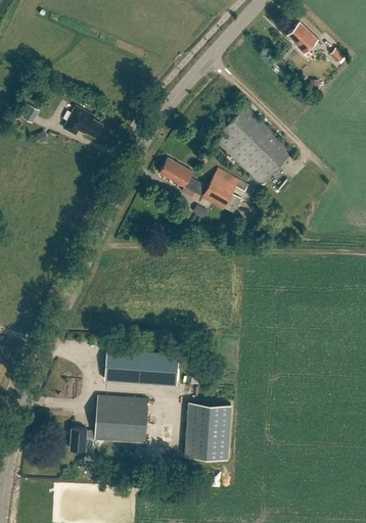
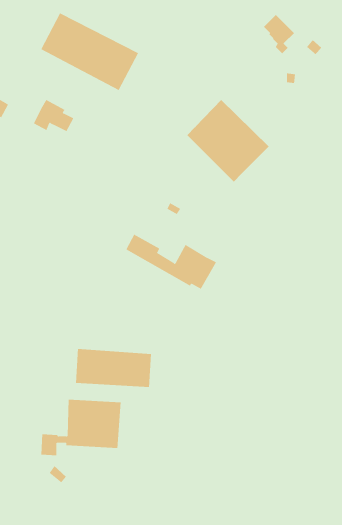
building: none -> [41,12,139,91]
building: [159,158,248,212] -> [125,234,217,290]
building: [186,401,231,459] -> none

